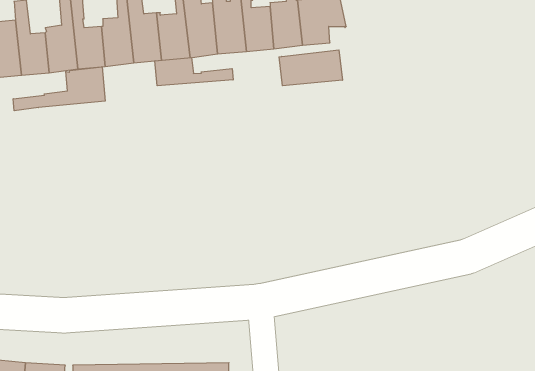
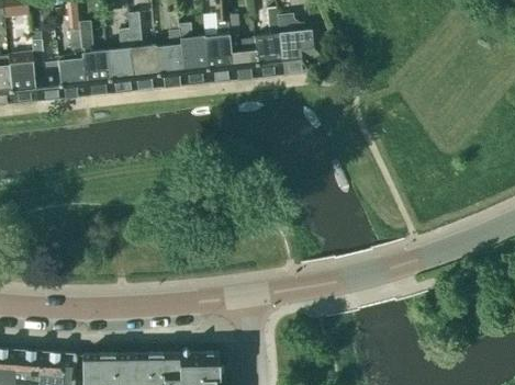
building: [279,50,342,86] -> none
building: [155,58,233,86] -> none
building: [13,67,105,111] -> none

